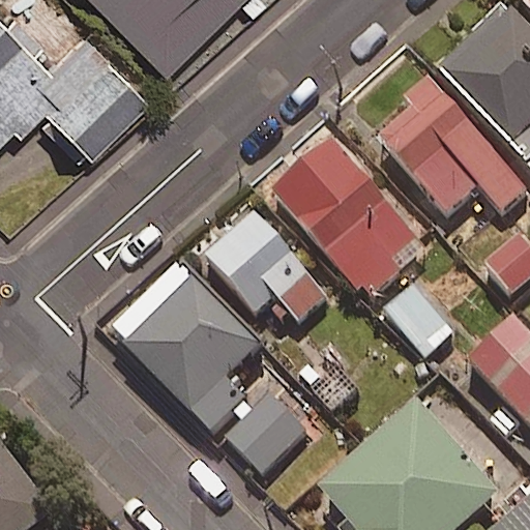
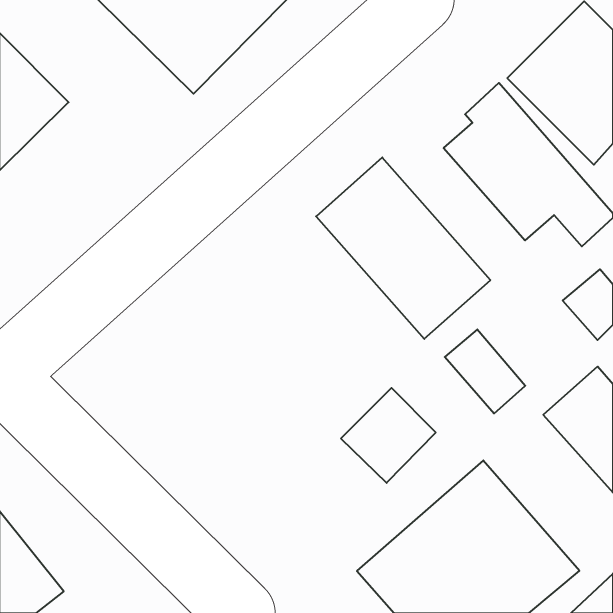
building: [47,64,147,164] -> none
building: [207,211,308,313] -> none
building: [111,263,259,411] -> none
building: [227,393,308,475] -> [341,388,436,483]

